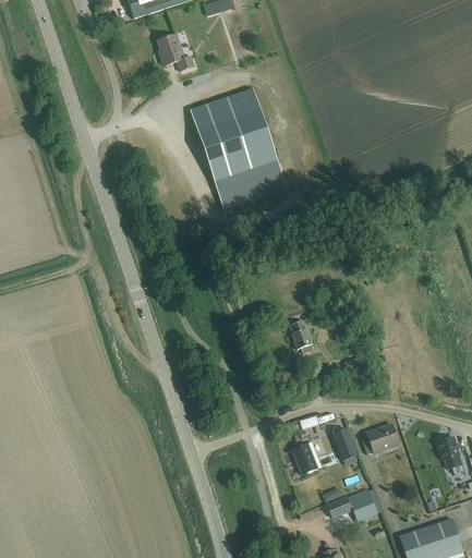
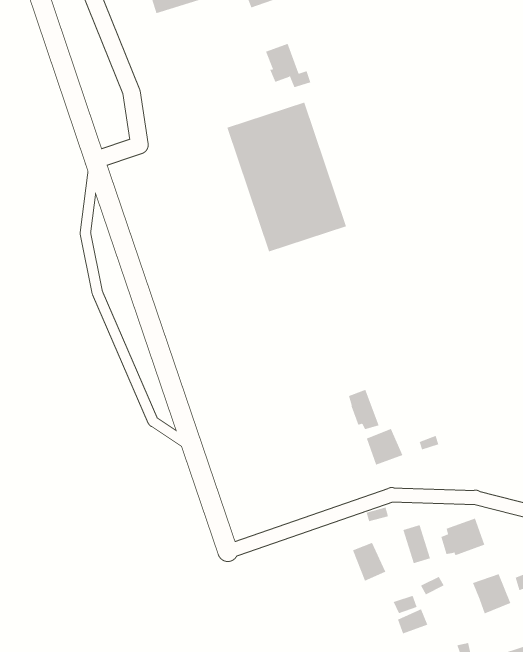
building: [158,34,195,70] -> [265,43,311,88]
building: none -> [366,428,403,465]
building: [348,488,379,521] -> [472,573,511,614]

